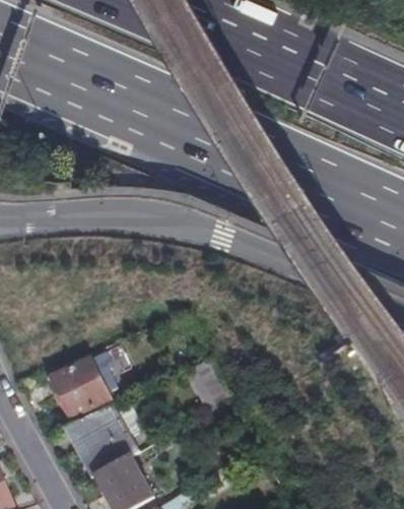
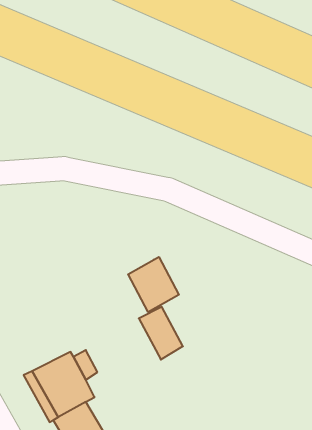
building: none -> [128,257,179,312]
building: [51,354,115,418] -> none

